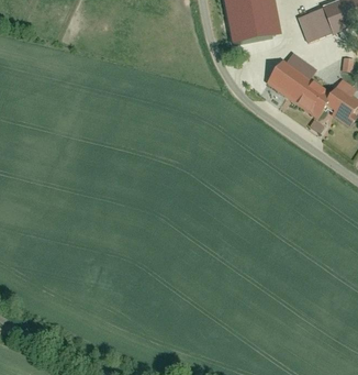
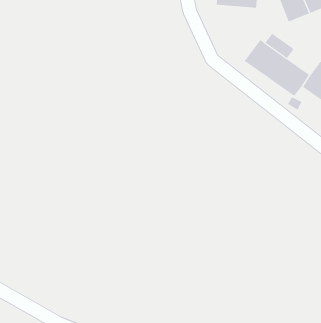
building: [233,23,276,46] -> none

